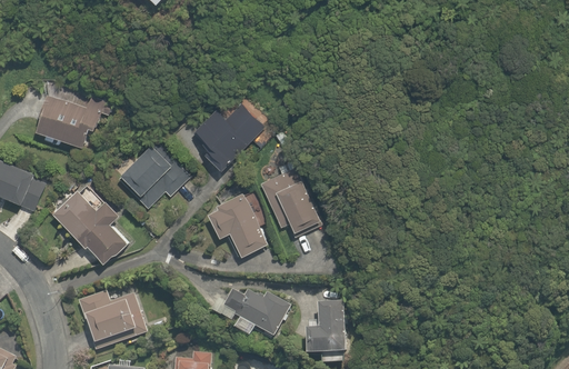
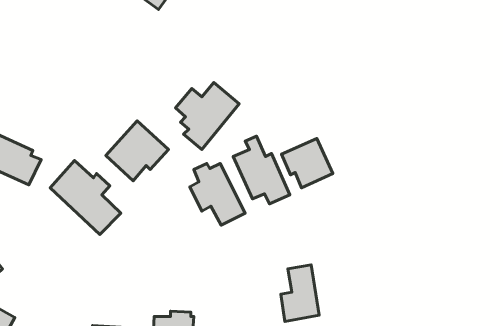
building: [40,89,111,147] -> none
building: none -> [281,138,333,188]
building: [214,281,288,337] -> none
building: [74,289,147,351] -> none

